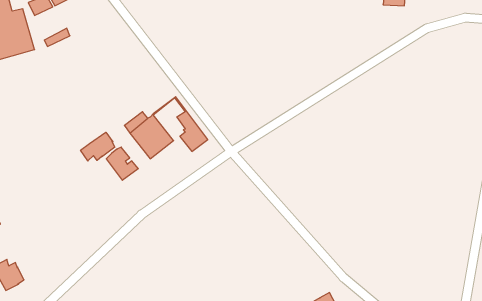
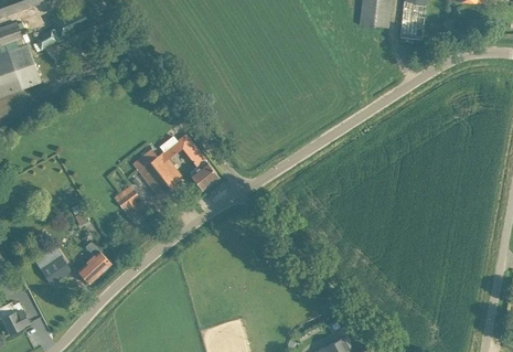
building: [81,132,115,161] -> none
building: none -> [78,242,111,284]
building: none -> [39,252,70,284]

